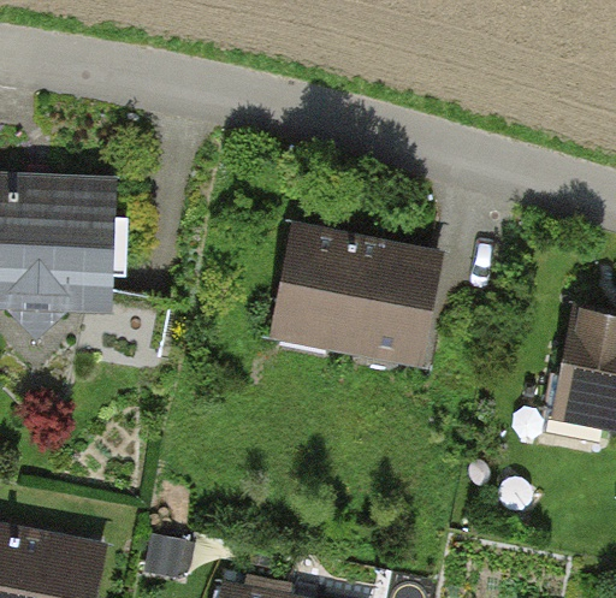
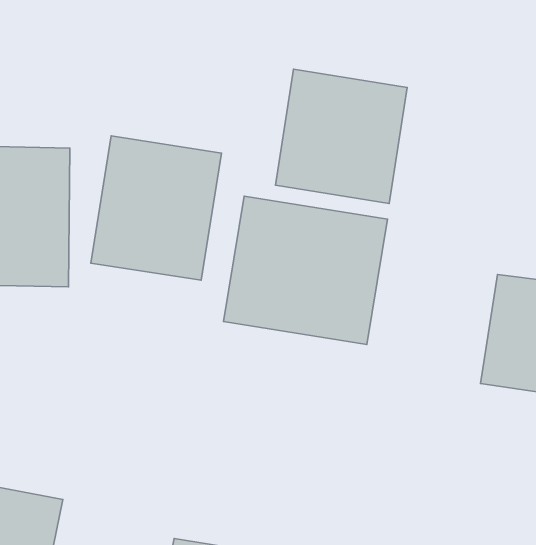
building: none -> [275,69,407,203]
building: none -> [91,136,221,280]

